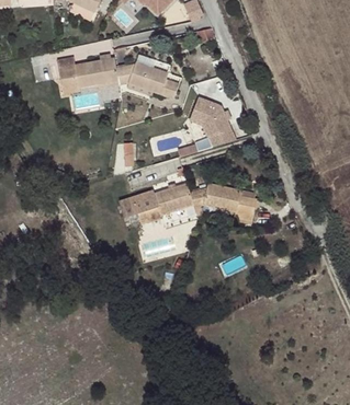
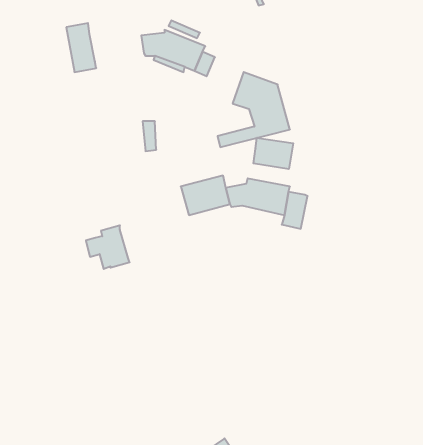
building: [76,59,120,90] -> none
building: none -> [253,138,293,169]
building: [122,187,157,222] -> [86,225,130,269]

